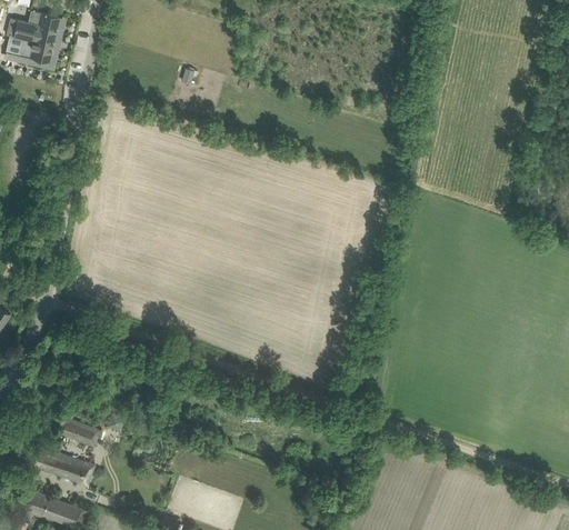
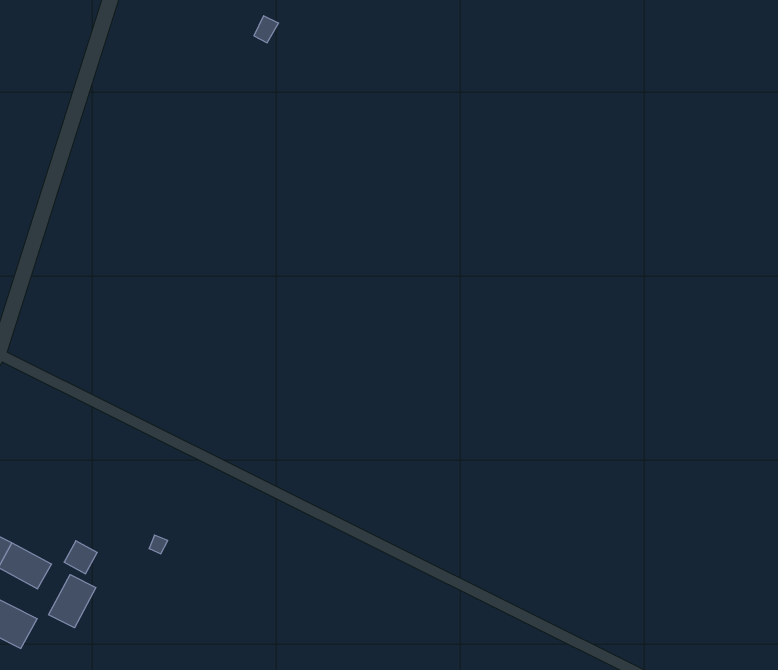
building: none -> [49,575,96,628]

